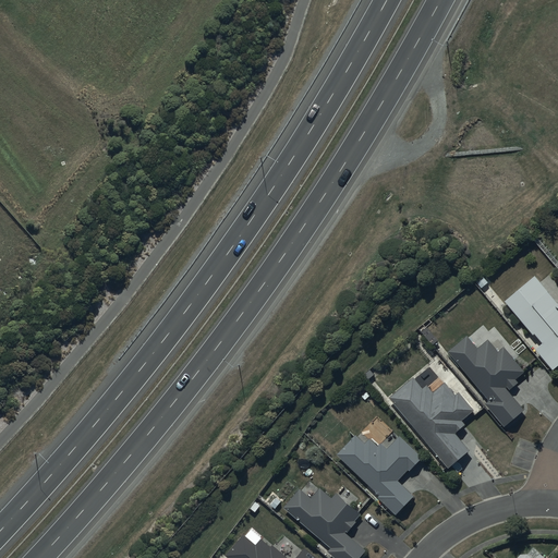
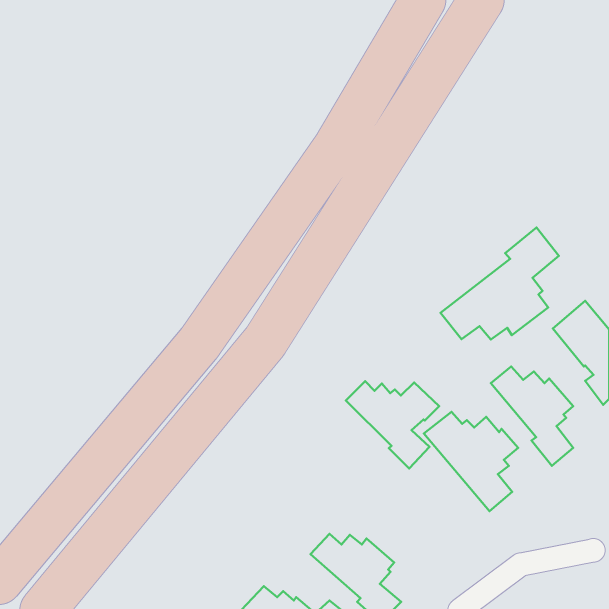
building: none -> [440,228,559,340]
building: [337,436,422,515] -> [346,381,439,468]

